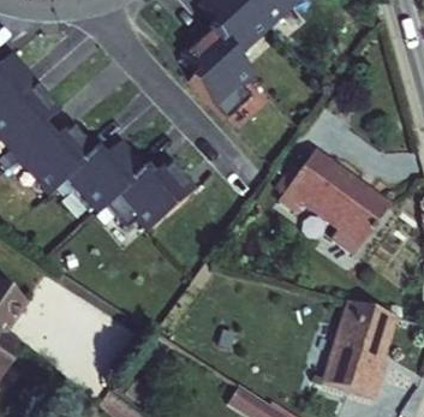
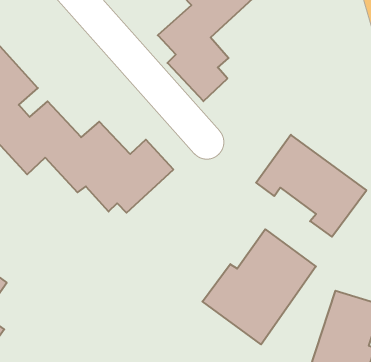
building: none -> [202,229,316,344]

